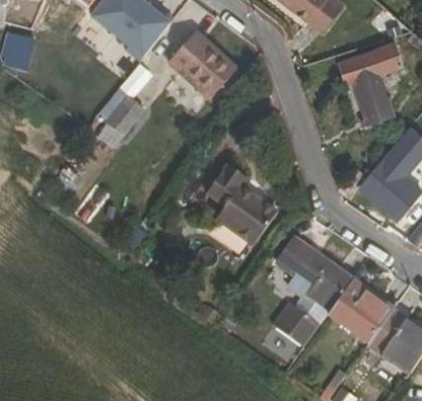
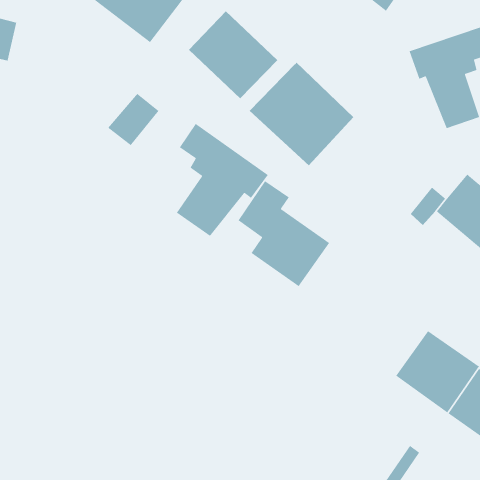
building: none -> [249,62,354,166]
building: none -> [176,123,269,237]
building: [274,237,354,346] -> none

